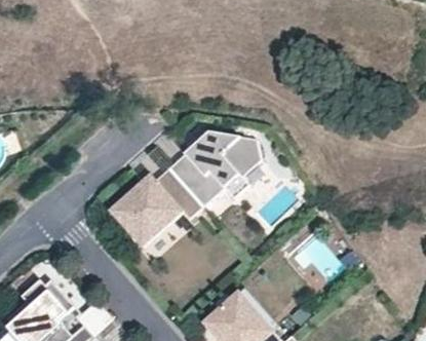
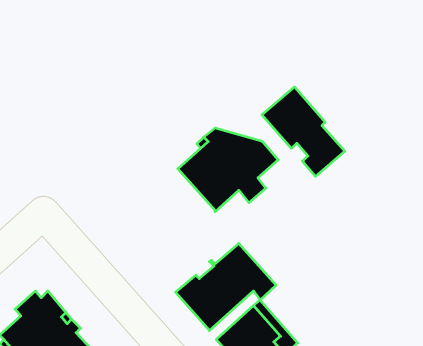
building: none -> [262,87,345,176]
building: [111,168,202,248] -> [176,243,276,331]

